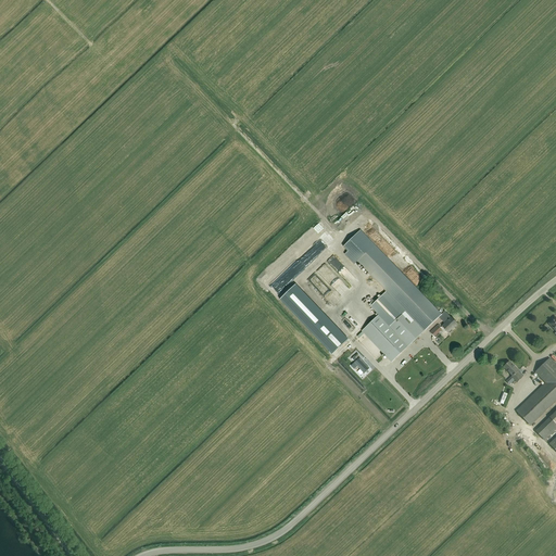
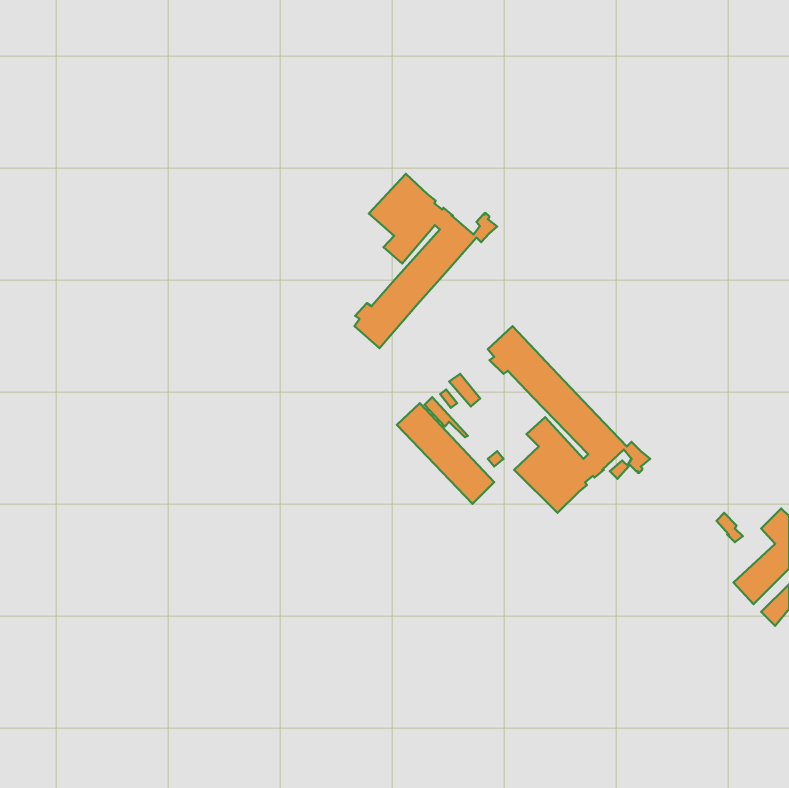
building: none -> [354,174,497,348]

